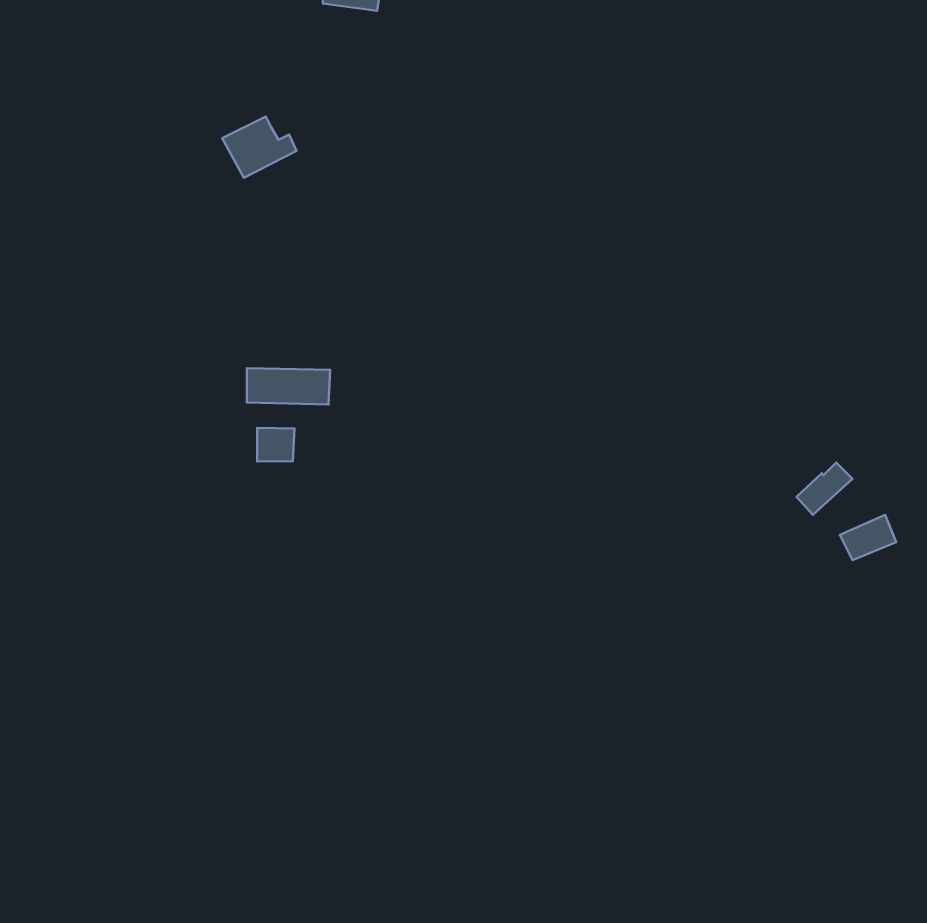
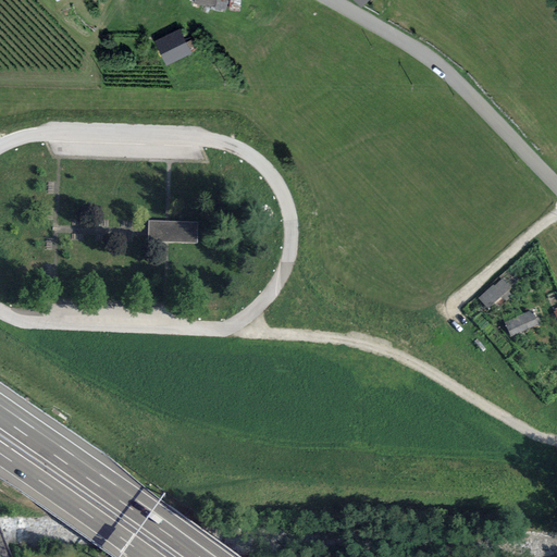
building: [222,116,297,178] -> [153,25,198,62]
building: [257,428,294,462] -> none

